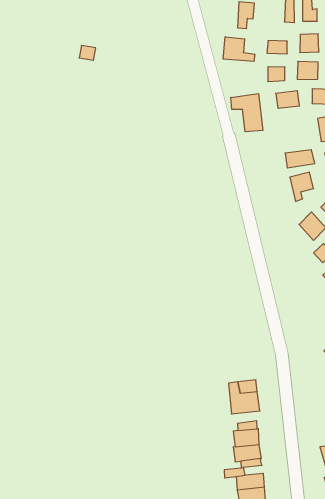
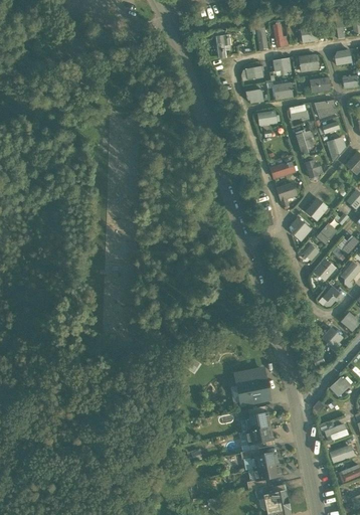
building: [223,37,255,61] -> none
building: [231,94,263,132] -> none

